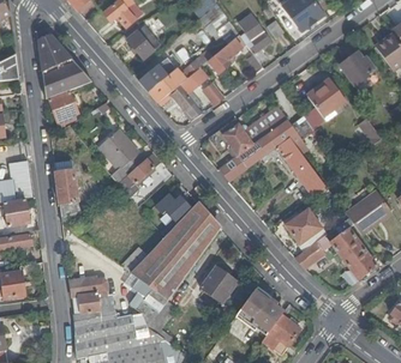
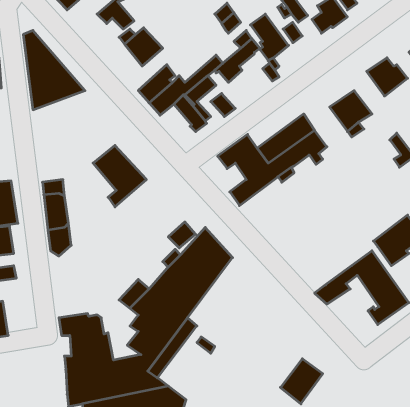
building: [48,90,78,126] -> none
building: [275,137,324,195] -> none
building: [116,151,161,196] -> none
building: [283,207,325,250] -> none
building: [199,266,237,302] -> none
building: [237,284,282,331] -> none

